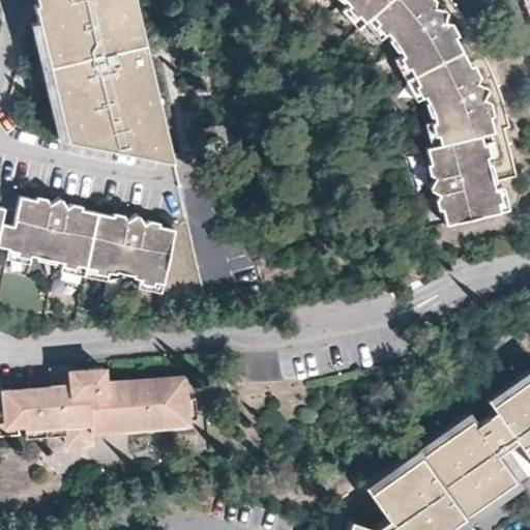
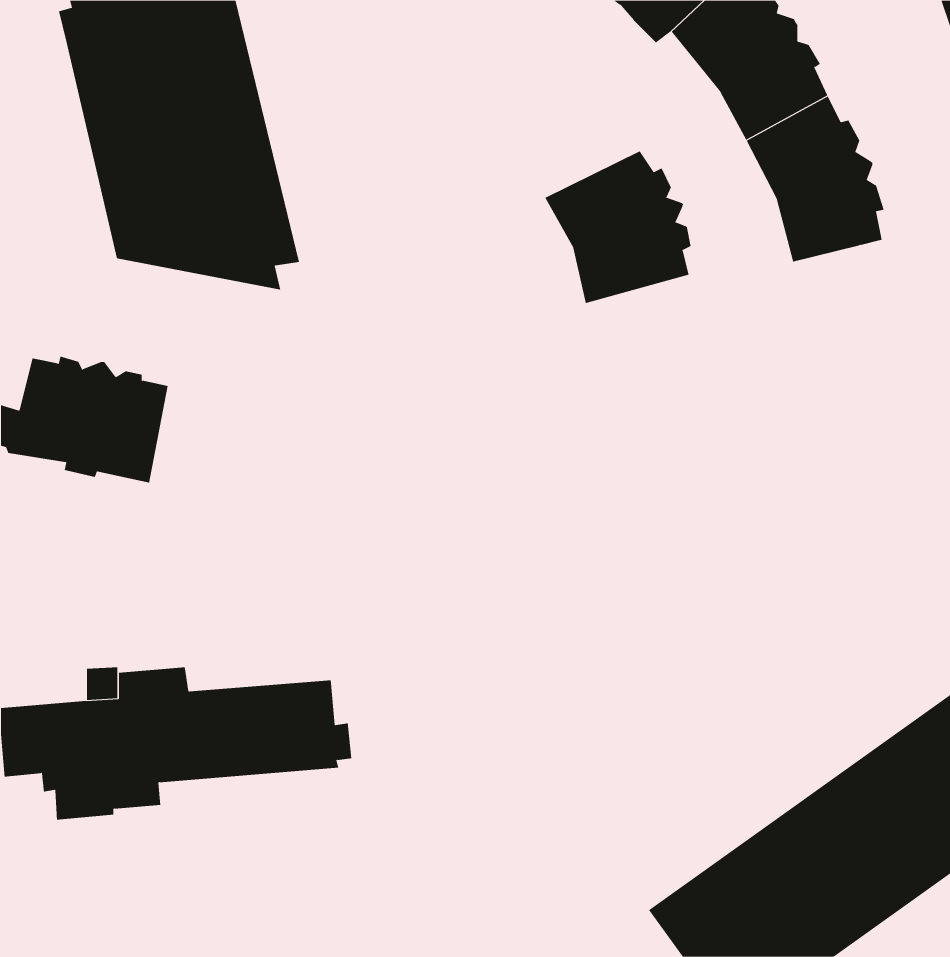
building: none -> [545,150,691,304]
building: [428,136,500,225] -> none
building: [87,213,175,284] -> none

